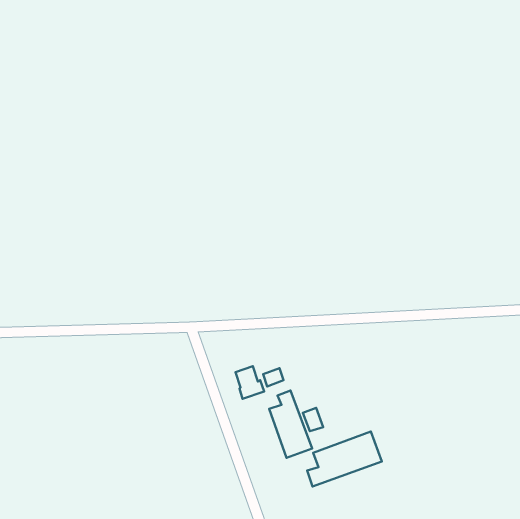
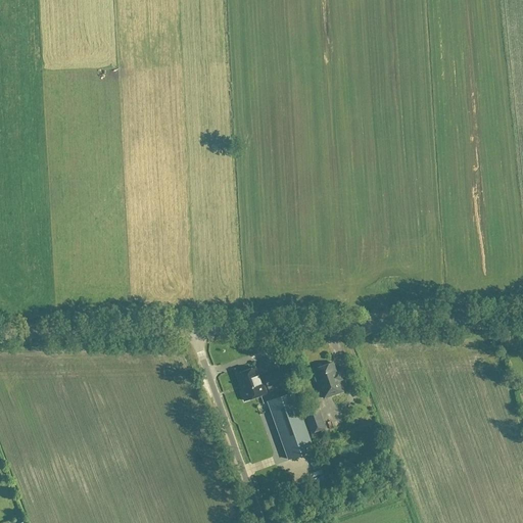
building: none -> [314,363,342,397]
building: [307,431,382,486] -> none

